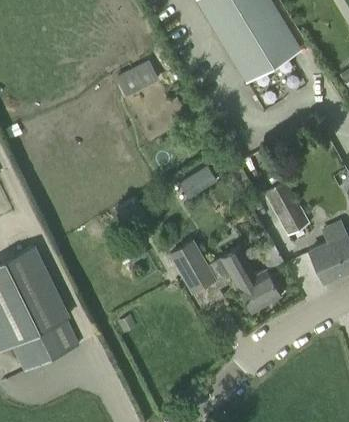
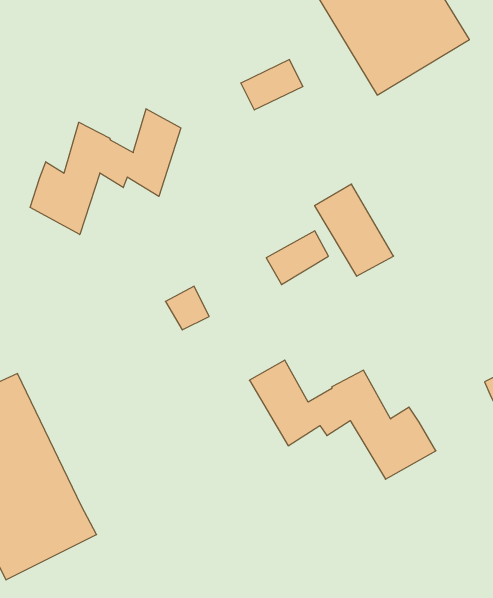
building: [120,63,157,93] -> [241,60,303,110]
building: none -> [30,109,181,235]
building: [264,181,311,236] -> [315,184,394,276]

